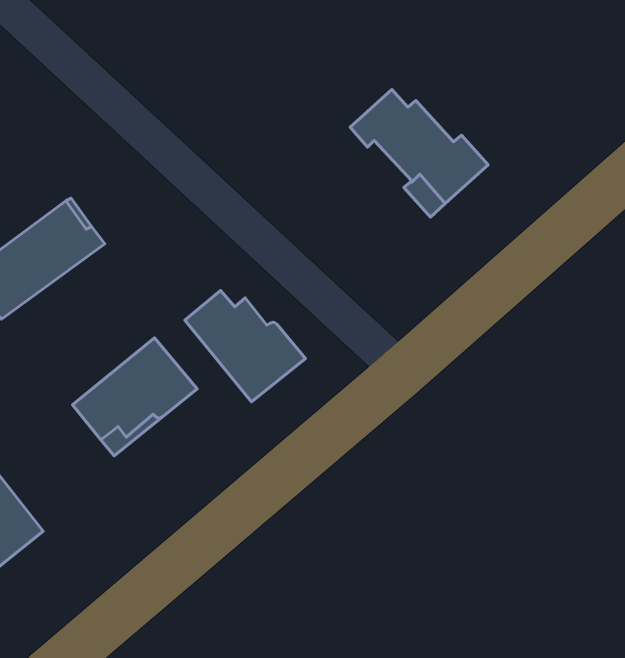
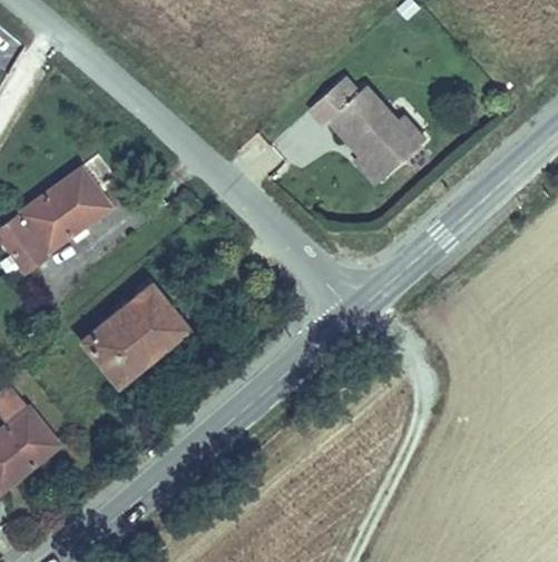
building: [185,290,305,402] -> none

